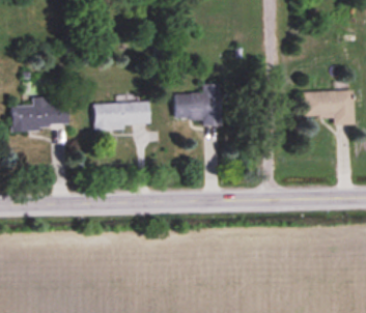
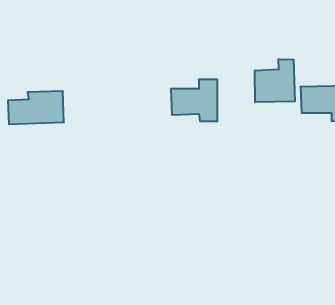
building: none -> [255,59,295,102]
building: [93,102,150,127] -> none

